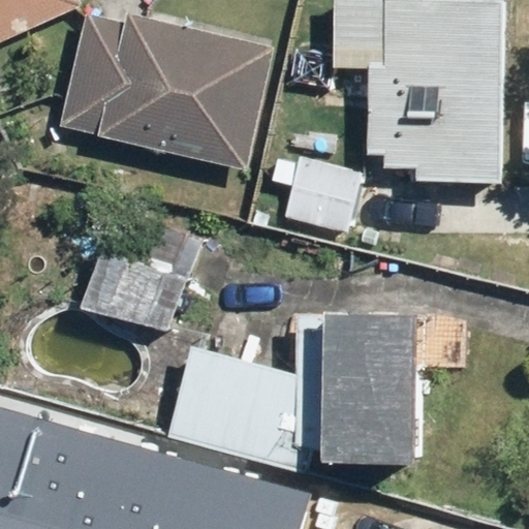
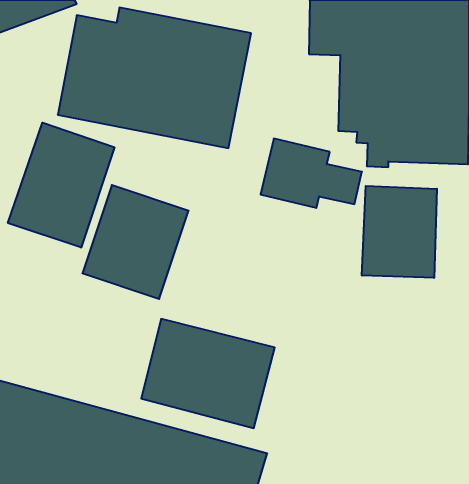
building: none -> [8,123,114,248]
building: none -> [362,186,437,278]
building: [306,312,407,471] -> none

